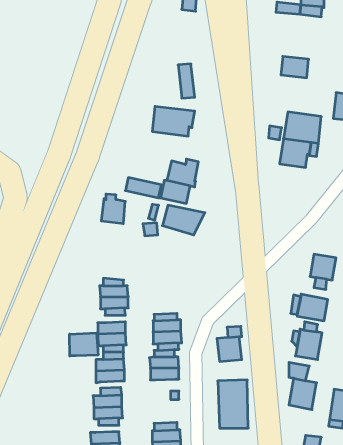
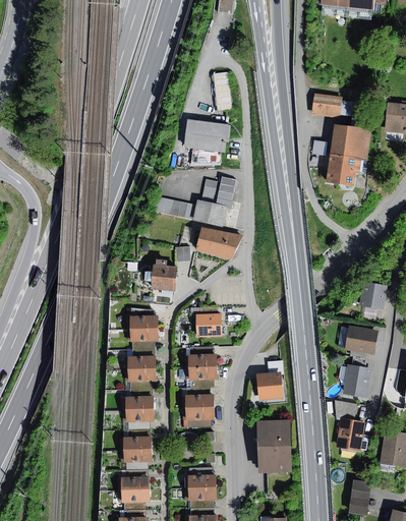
building: [281,56,309,78] -> [312,94,343,117]
building: [101,194,125,224] -> [151,258,177,291]
building: none -> [196,312,222,336]
building: [70,333,98,356] -> none

